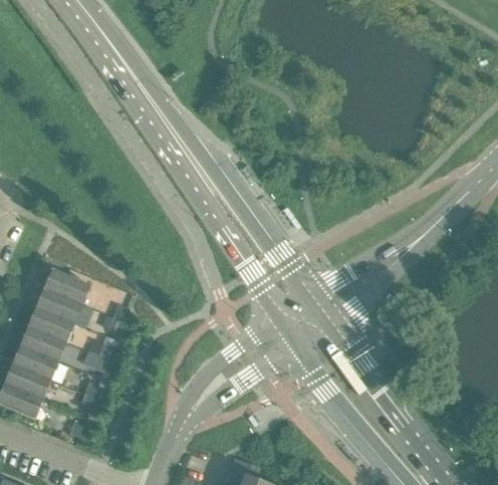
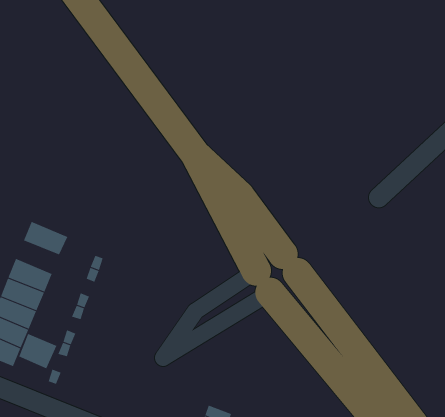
building: [36,288,81,322] -> none
building: none -> [18,333,57,369]

